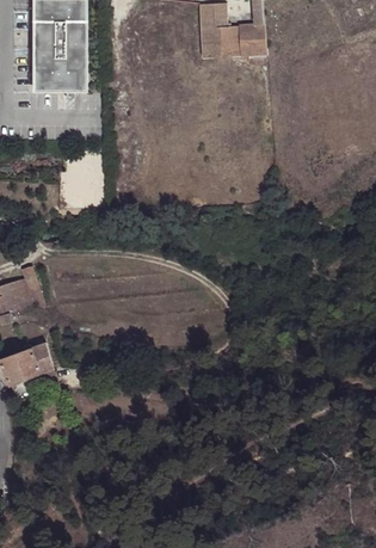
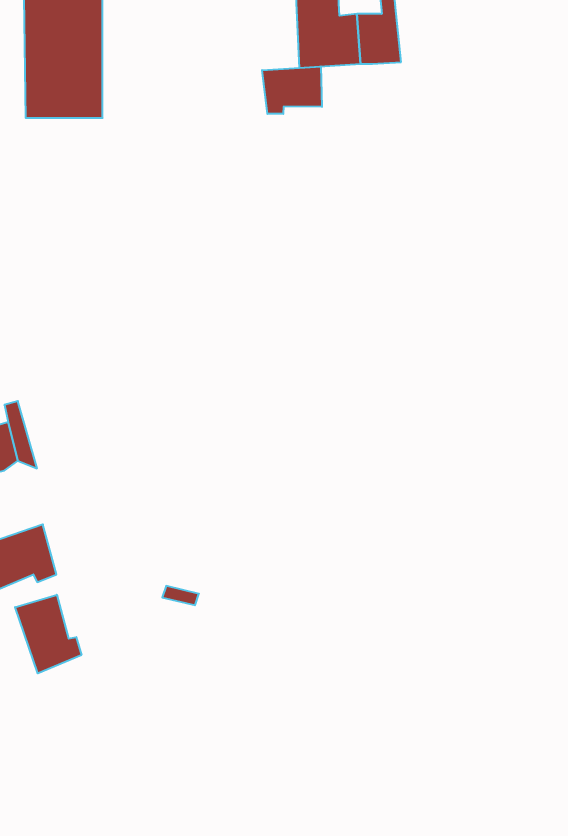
building: none -> [262,66,322,114]
building: none -> [15,595,81,673]

